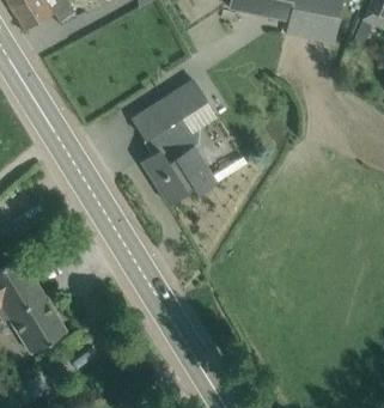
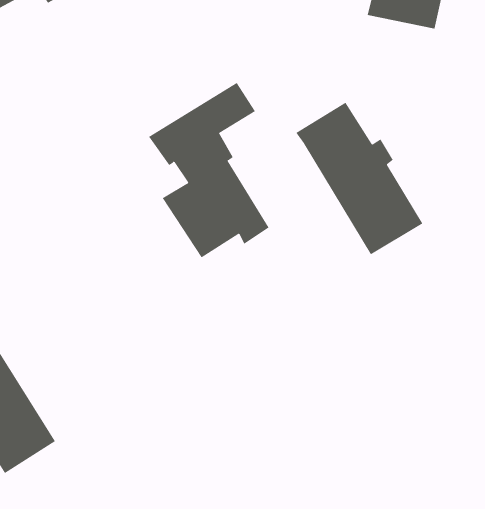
building: none -> [295,102,423,255]

